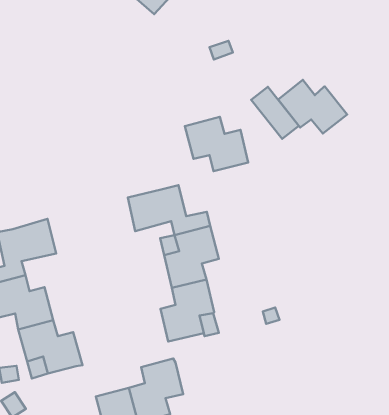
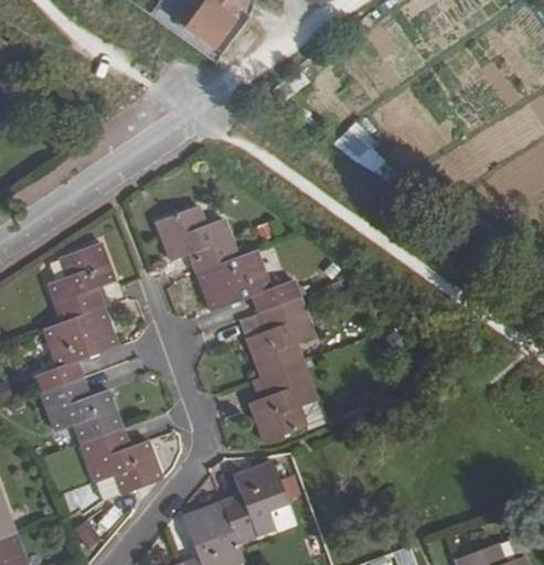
building: [278,80,347,134] -> none
building: [185,117,248,171] -> [158,205,238,271]
building: none -> [49,243,116,323]

